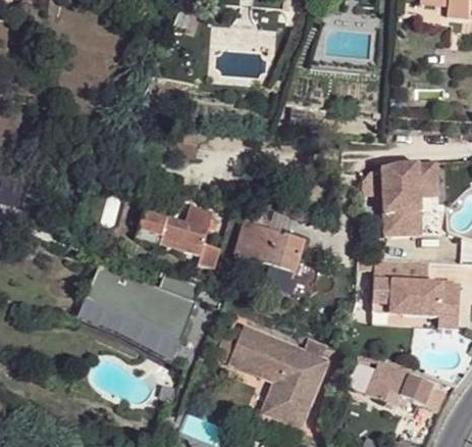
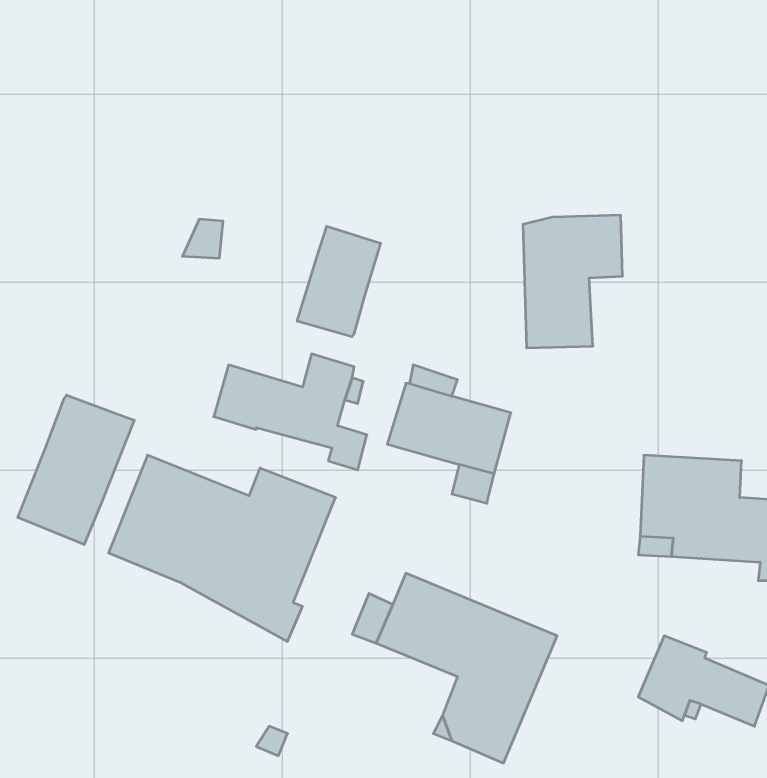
building: none -> [297,226,381,337]
building: [382,162,437,236] -> [523,215,623,348]
building: none -> [18,395,134,545]

